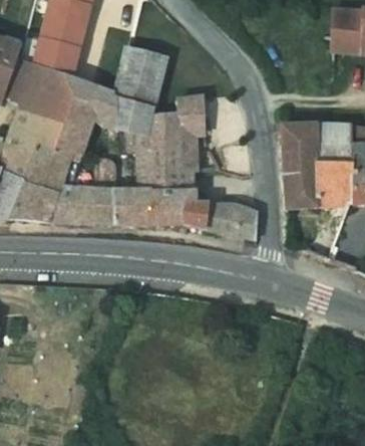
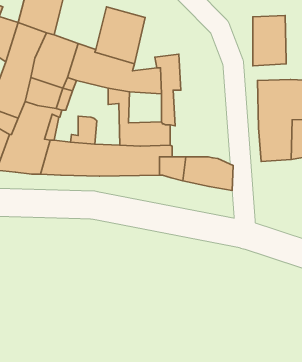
building: none -> [253,15,286,66]
building: [148,137,182,169] -> none

